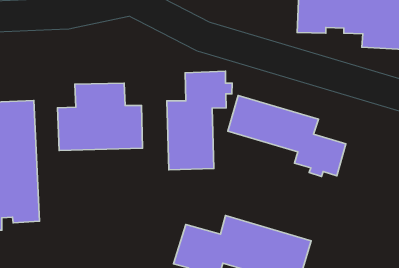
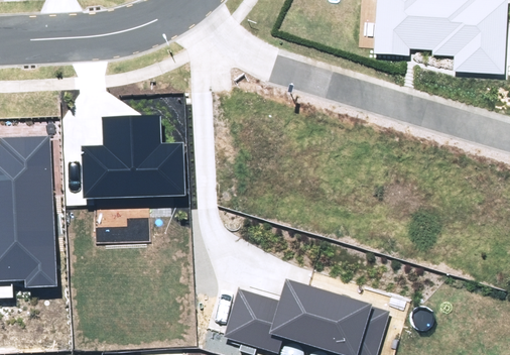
building: [167,71,232,170] -> none
building: [228,96,346,177] -> none

